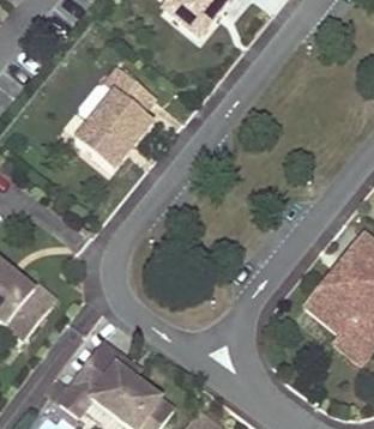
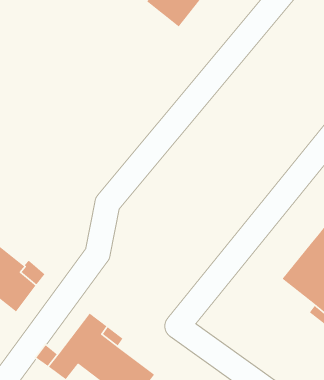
building: [74,68,155,171] -> none

